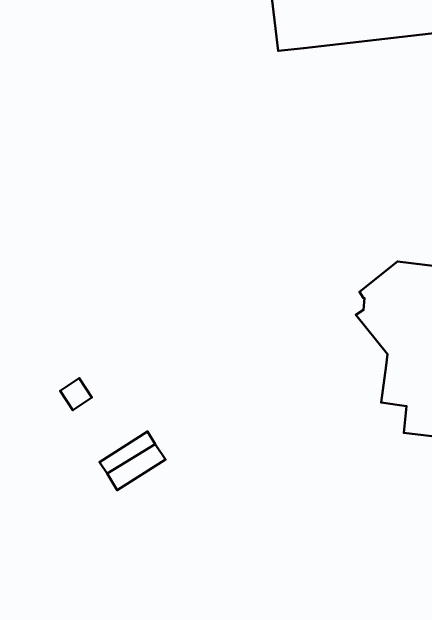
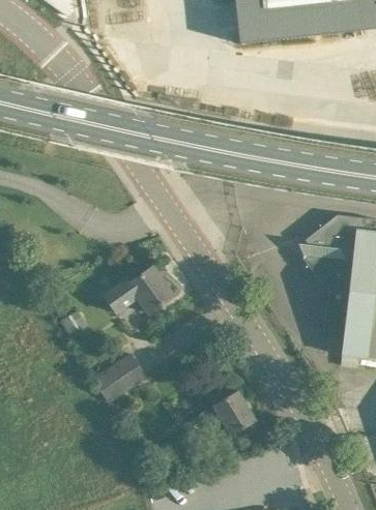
building: none -> [106,268,174,312]
building: none -> [202,391,257,437]

